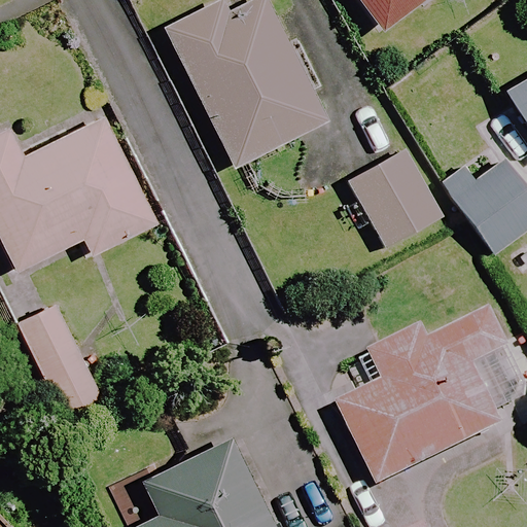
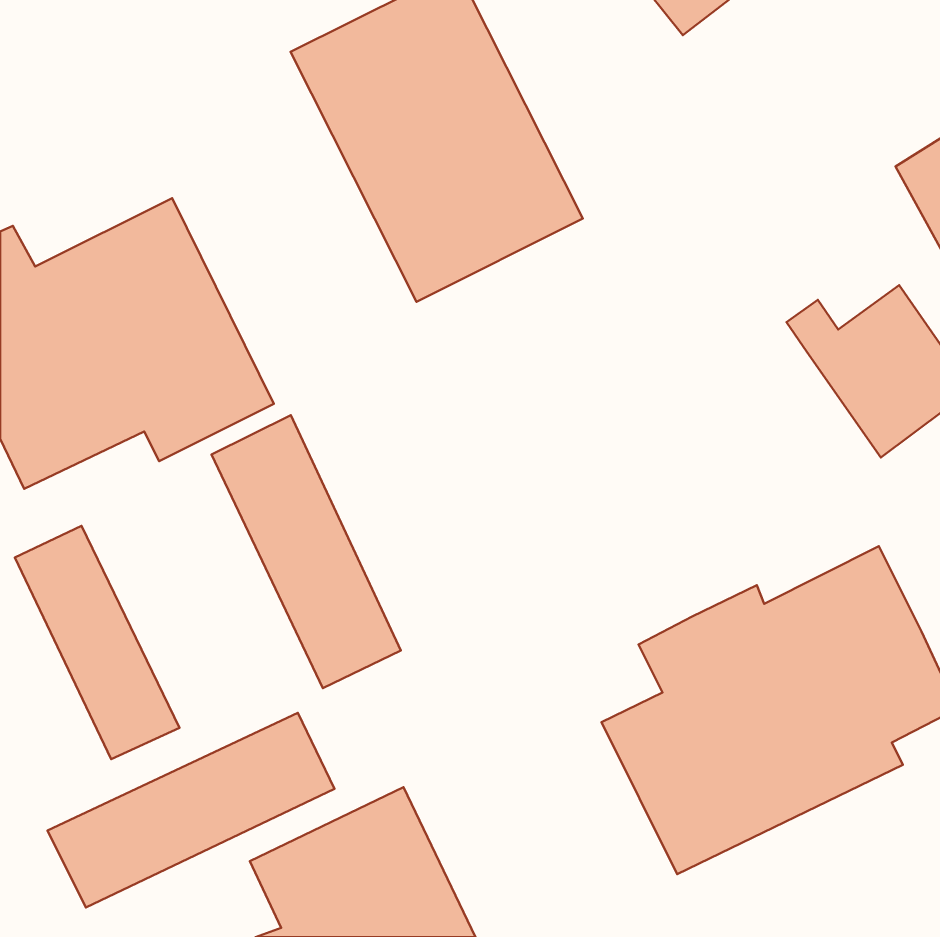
building: [349,150,444,248] -> none
building: none -> [211,415,401,688]
building: none -> [47,713,335,908]

